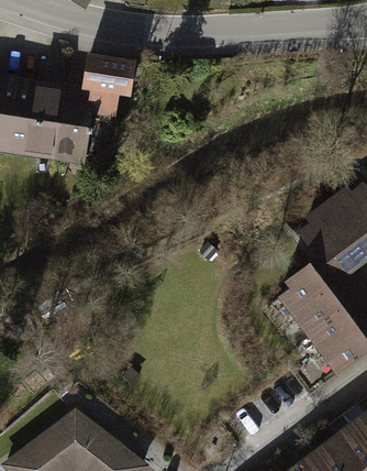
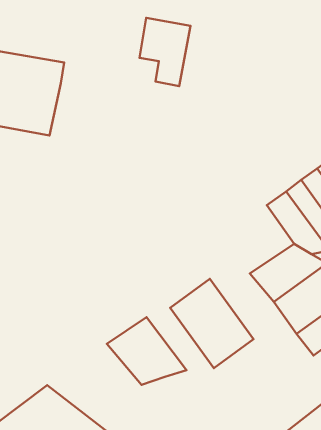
building: [77,53,126,119] -> [139,18,191,86]
building: none -> [170,279,253,368]
building: none -> [107,317,187,385]

